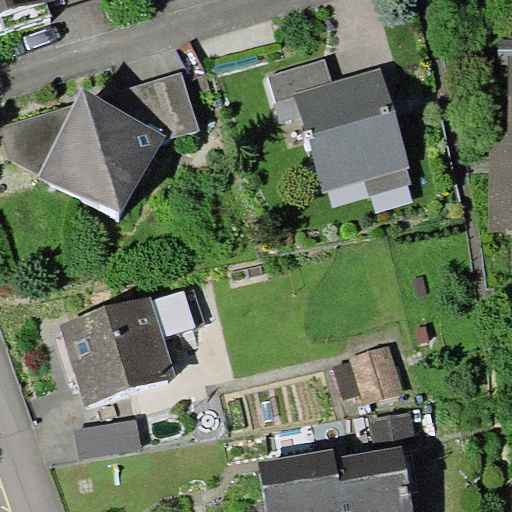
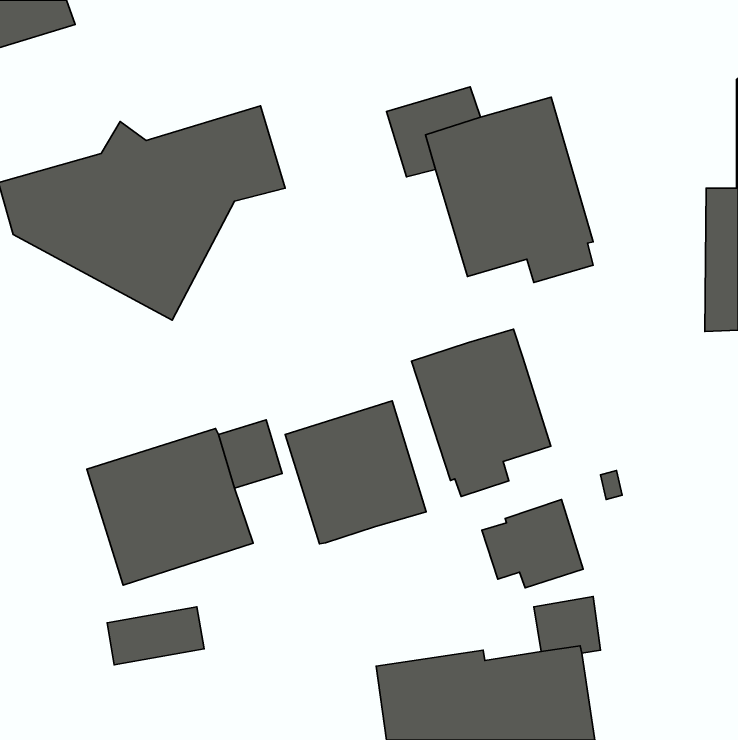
building: none -> [412,329,551,496]
building: none -> [285,401,426,544]

